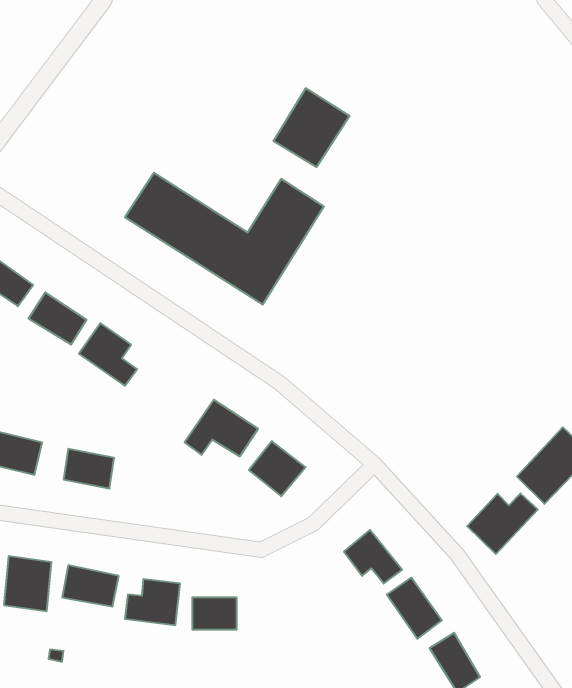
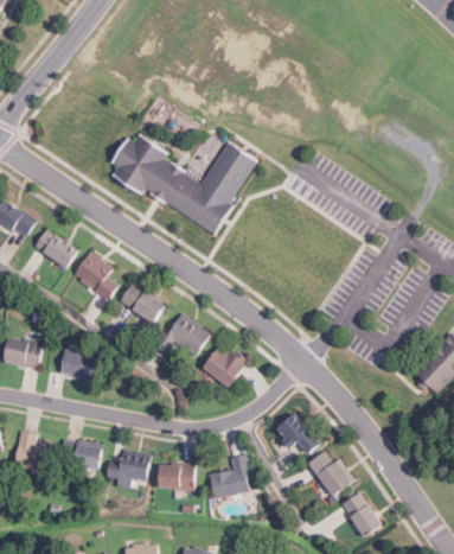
building: [274,88,350,167] -> none
building: none -> [119,284,165,323]
building: [467,493,538,554] -> none
building: none -> [209,454,251,498]

